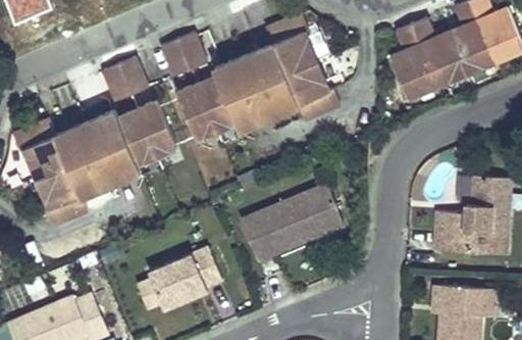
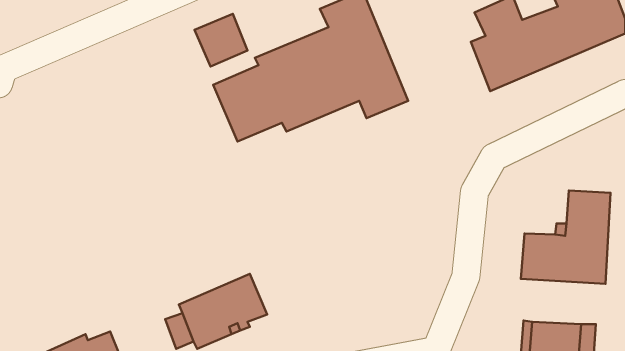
building: [103,56,147,100] -> none
building: [13,99,176,226] -> none
building: [242,187,341,262] -> none

